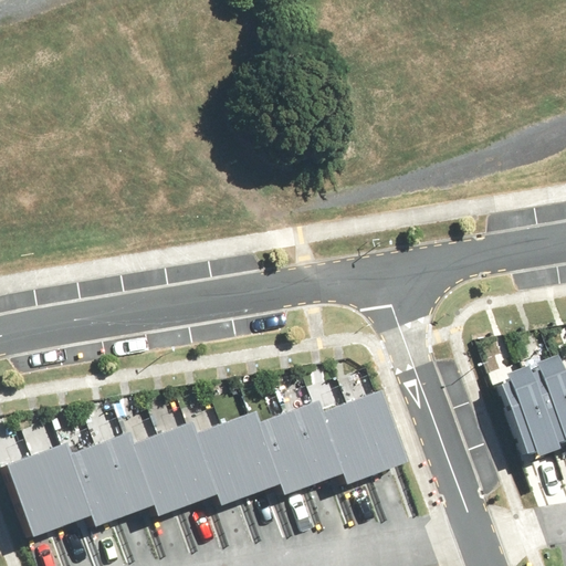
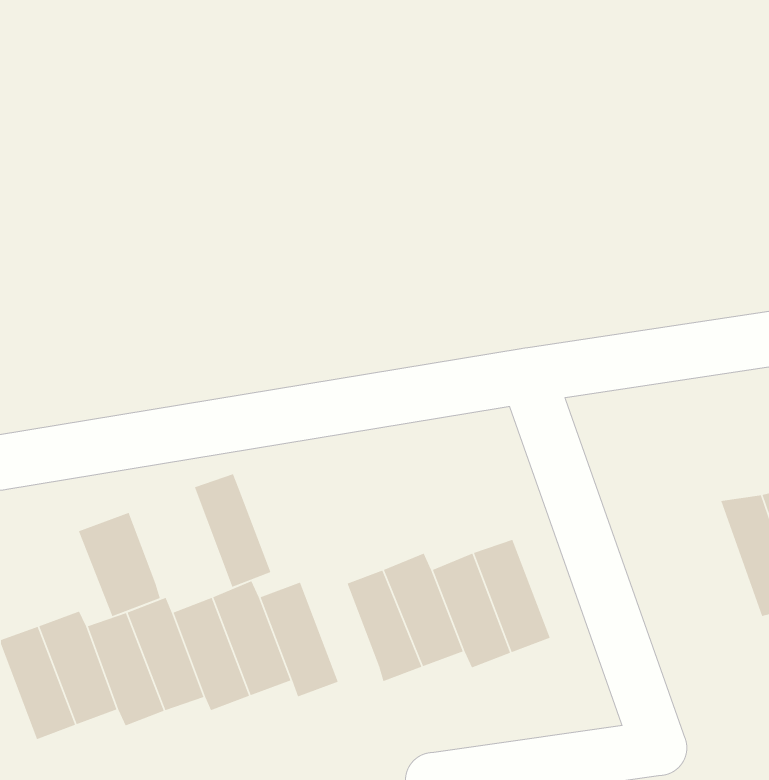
building: [499,363,559,451] -> none
building: none -> [78,512,161,617]
building: [226,411,282,494] -> [194,473,272,588]

